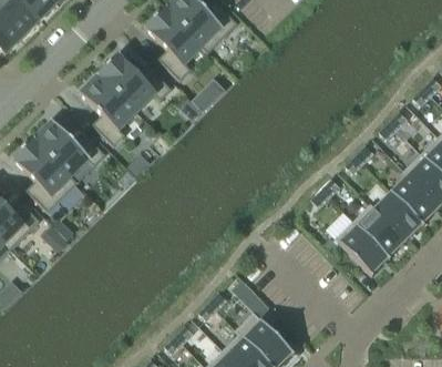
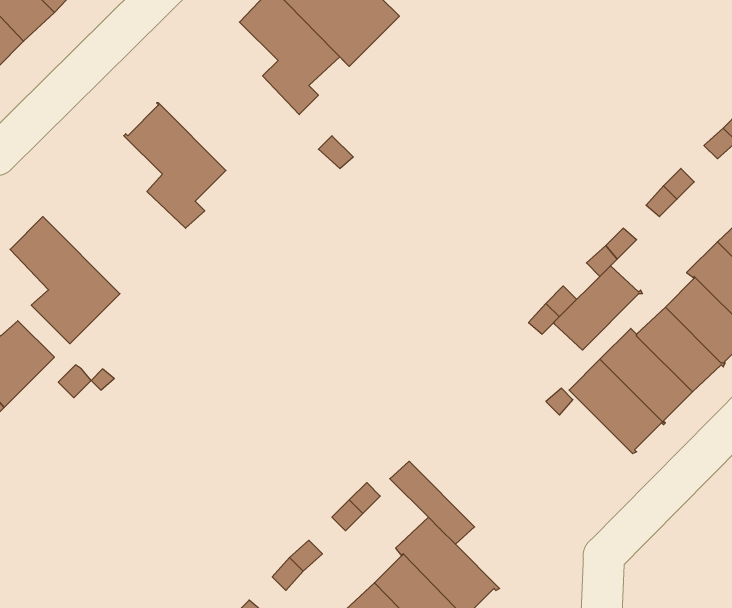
building: [99,53,172,112] -> none
building: [32,119,105,183] -> none
building: none -> [554,266,642,350]

